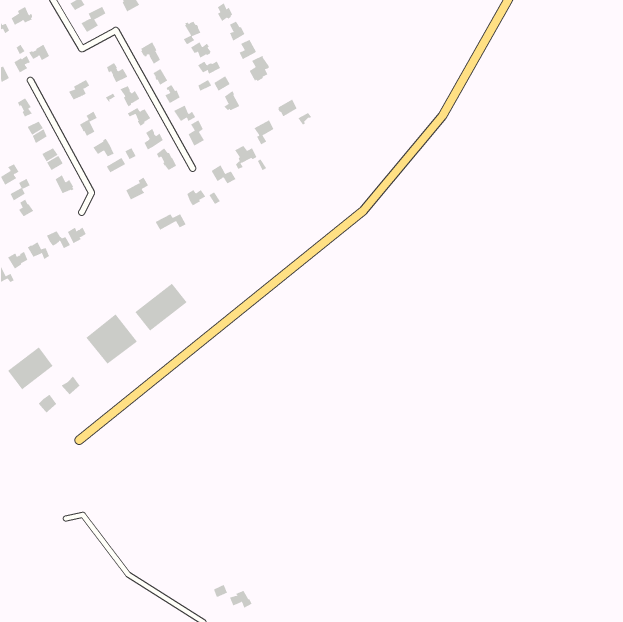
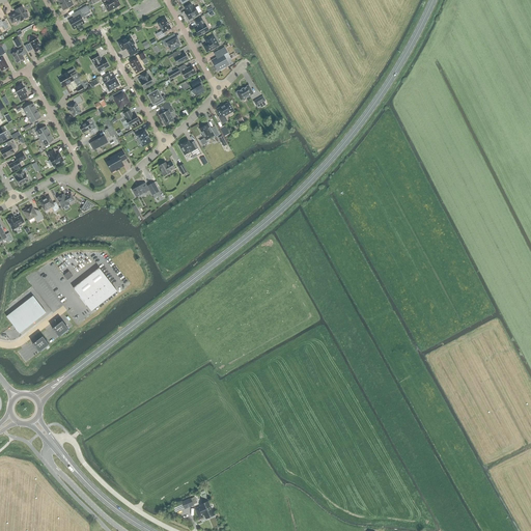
building: [134,283,188,332] -> none

